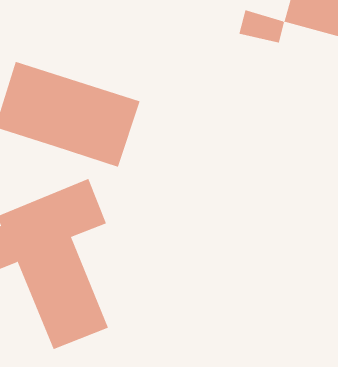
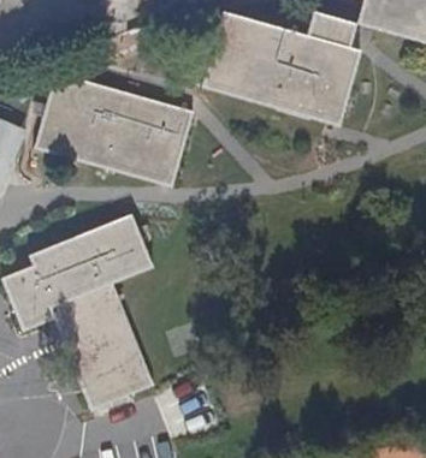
building: none -> [201,19,363,133]

